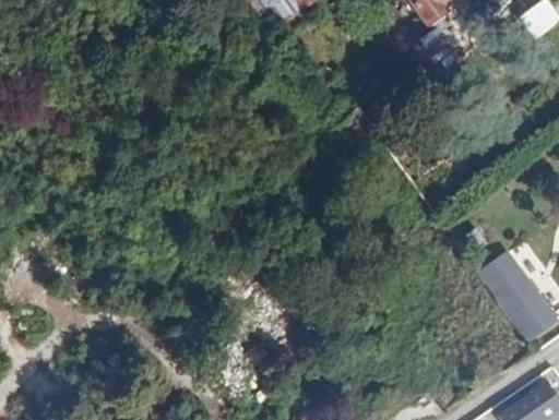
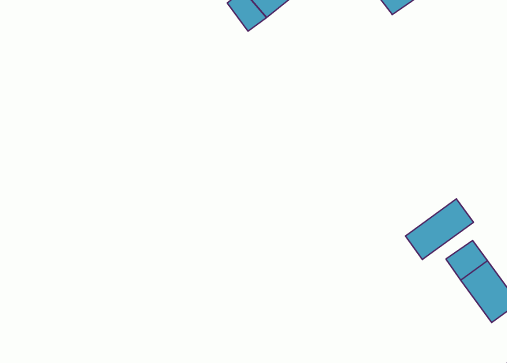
building: none -> [405,199,473,260]

